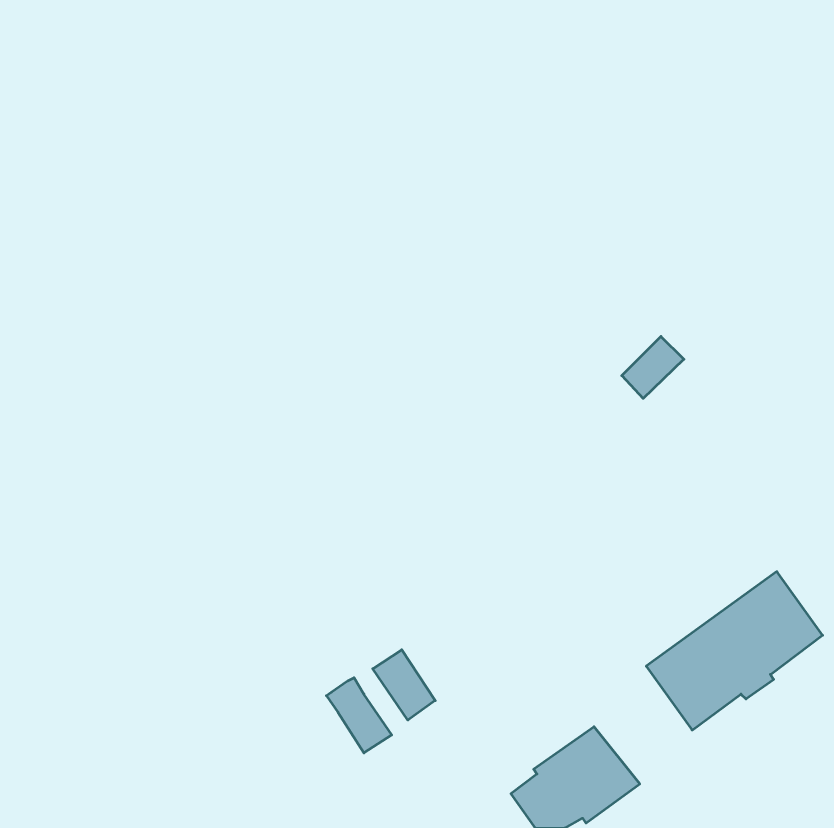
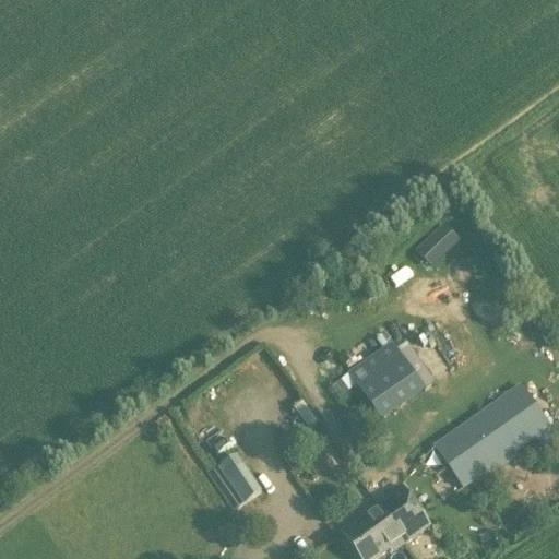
building: none -> [347,341,425,420]
building: [373,650,435,720] -> none

